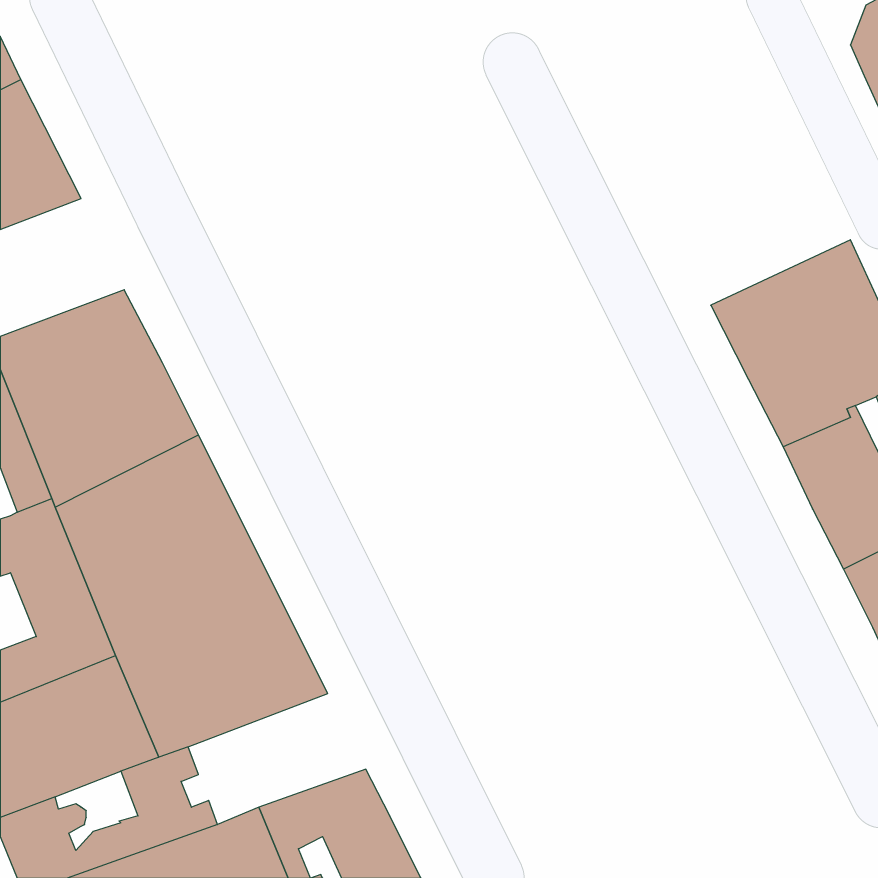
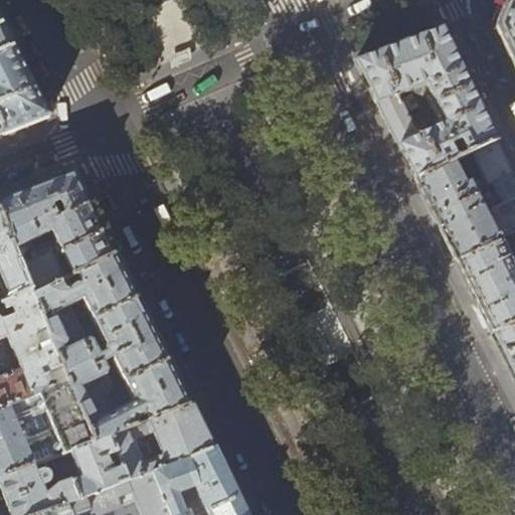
building: none -> [357,27,498,178]
building: none -> [112,404,215,481]

